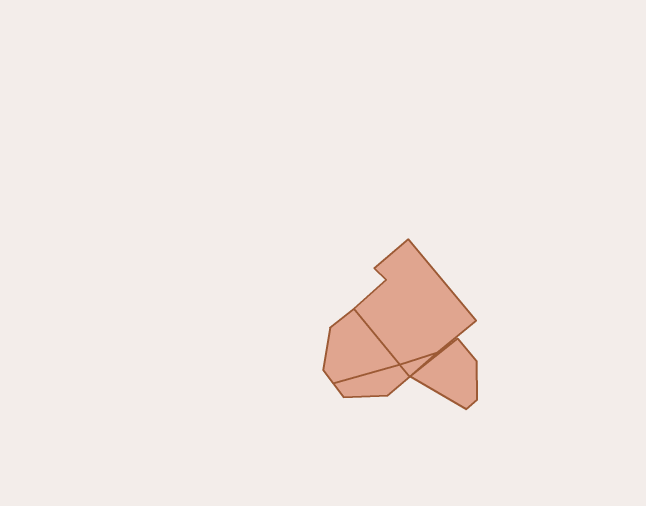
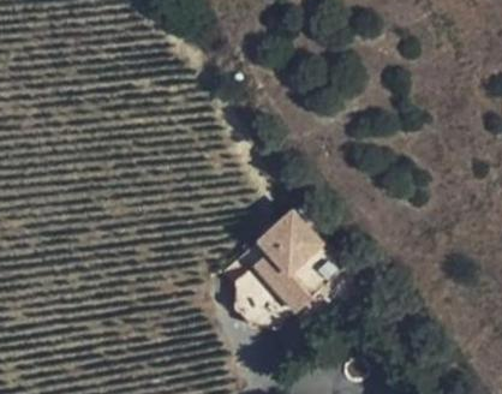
building: [410,339,477,409] -> none

